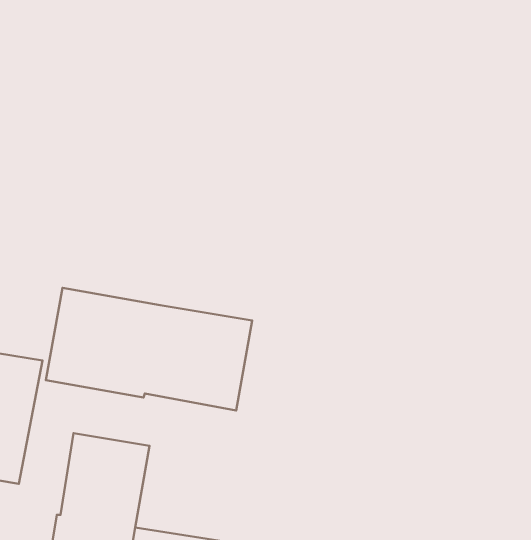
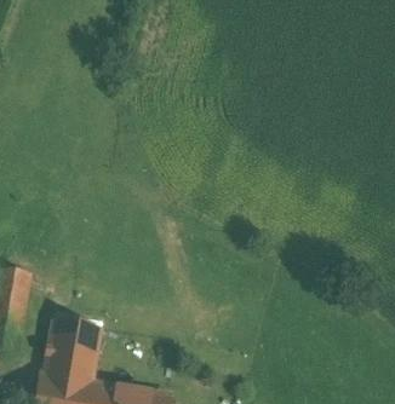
building: [46,288,252,411] -> none

